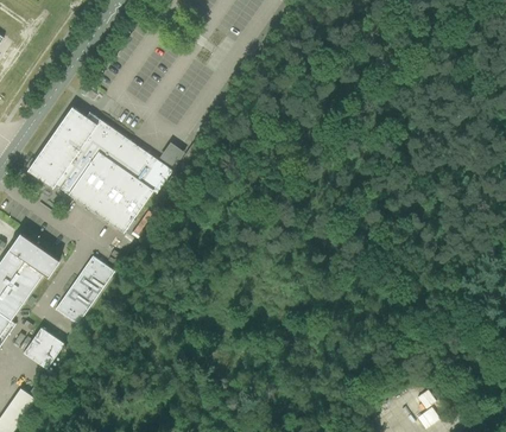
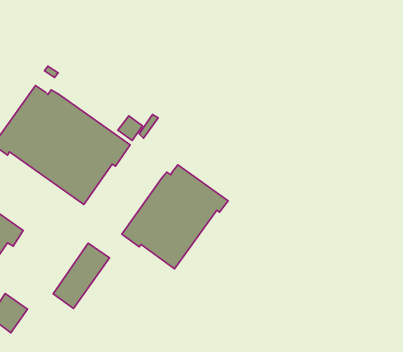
building: none -> [122,165,228,269]
building: [55,255,114,324] -> [53,243,109,308]

